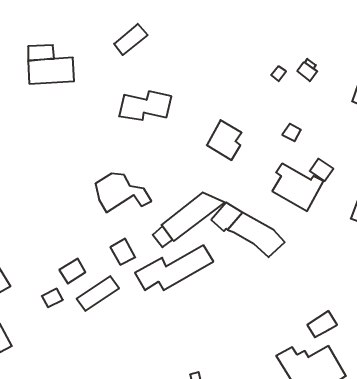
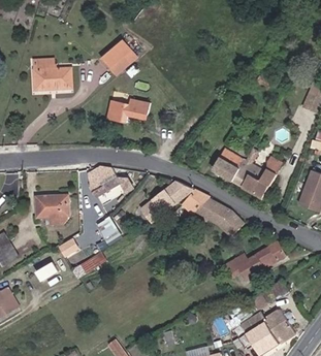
building: [207,120,242,160] -> [213,148,242,181]
building: none -> [36,196,68,225]
building: [135,245,213,290] -> [221,242,286,280]

